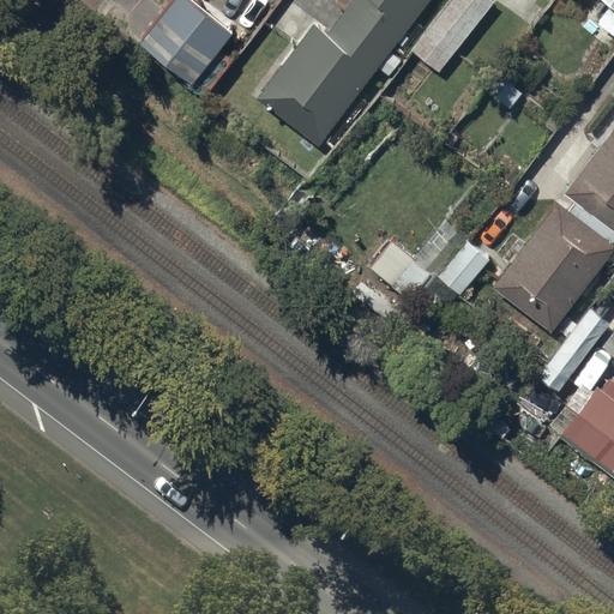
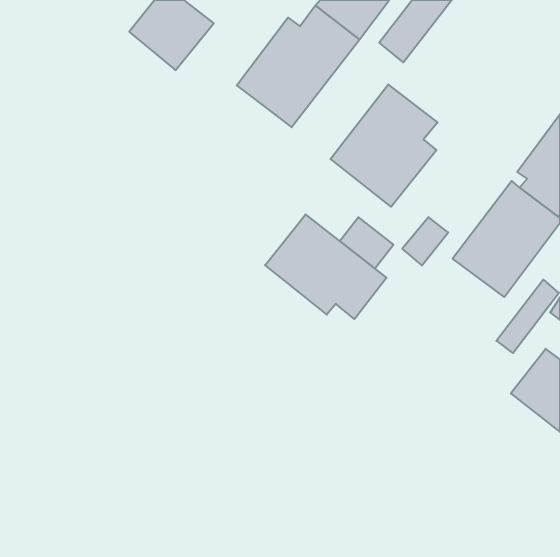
building: none -> [330,84,438,207]
building: none -> [265,214,387,319]

